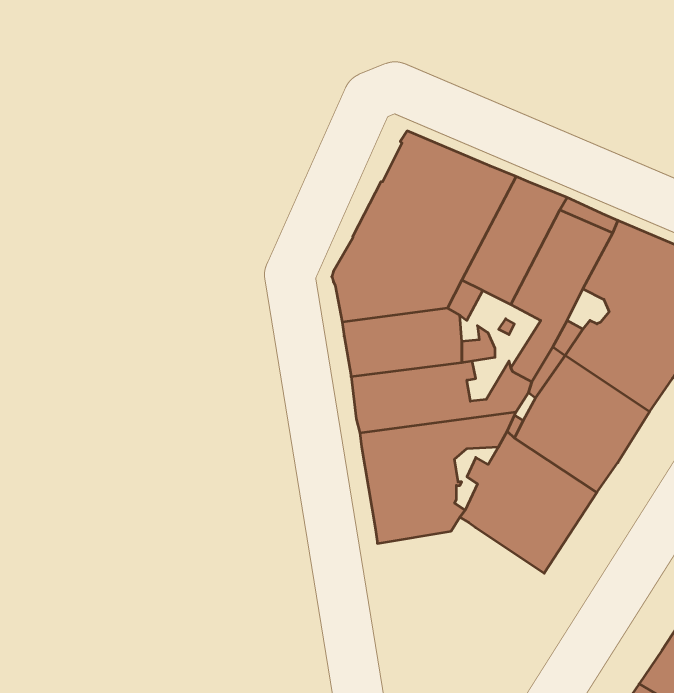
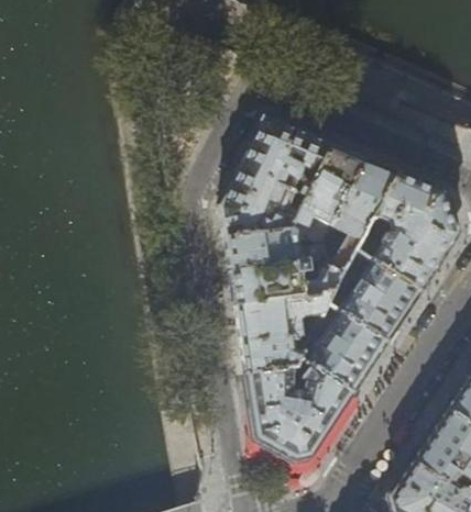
building: none -> [249,366,353,467]

